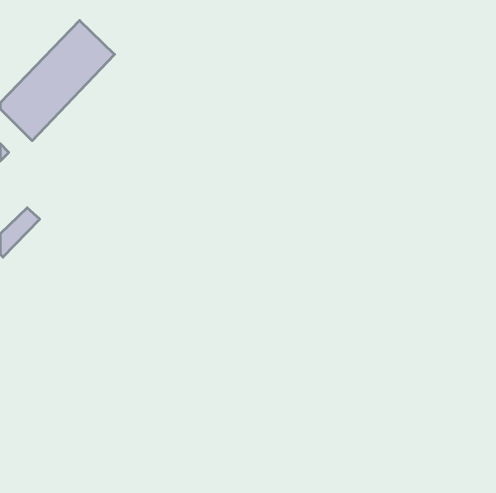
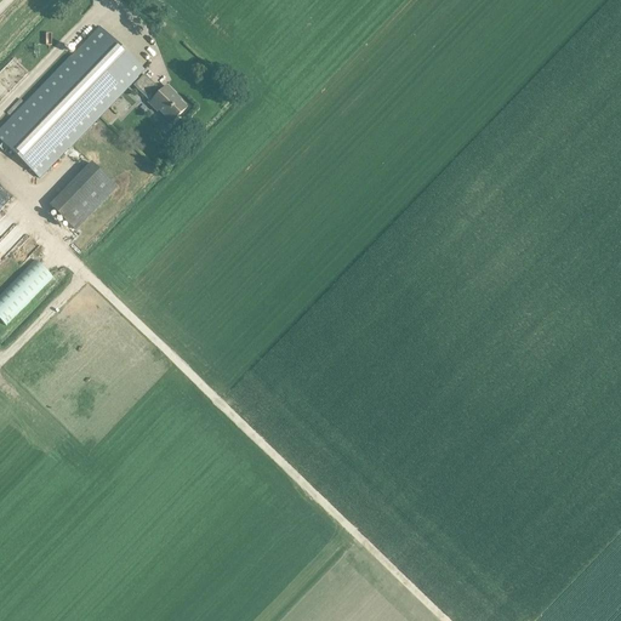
building: none -> [133,72,187,120]
building: none -> [49,160,116,228]

